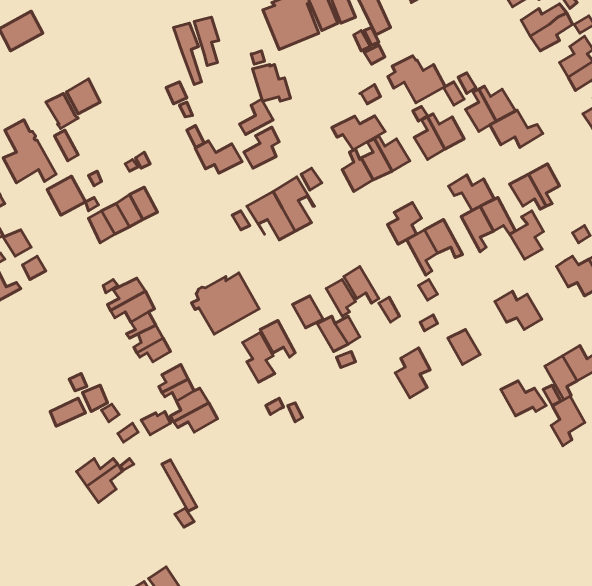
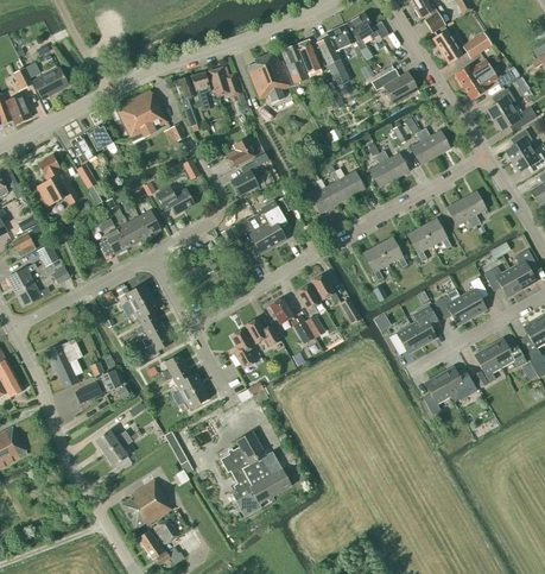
building: none -> [115,89,166,141]
building: [388,56,445,103] -> [370,64,417,102]
building: [252,65,291,101] -> [208,67,239,96]
building: [490,110,543,147] -> none
building: [332,116,385,150] -> none
building: [195,141,242,173] -> [156,187,194,213]
building: [448,175,494,211] -> none
building: [47,176,85,215] -> none
building: [388,202,421,244] -> none
building: [510,211,544,259] -> [460,277,487,316]
building: [192,273,259,334] -> none
building: none -> [45,338,82,386]
building: [395,348,430,398] -> [410,304,438,345]
building: [551,396,585,446] -> [423,373,450,414]
building: none -> [220,430,291,515]
building: none -> [120,479,171,528]

